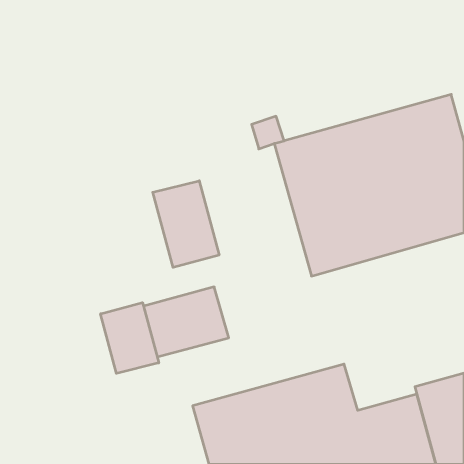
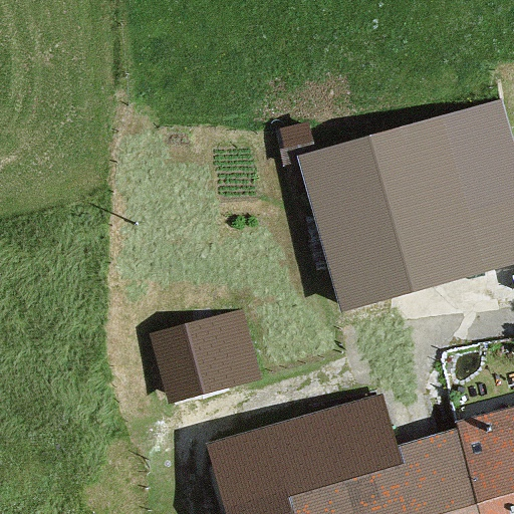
building: [153,181,219,267] -> none
building: [101,303,159,373] -> none

